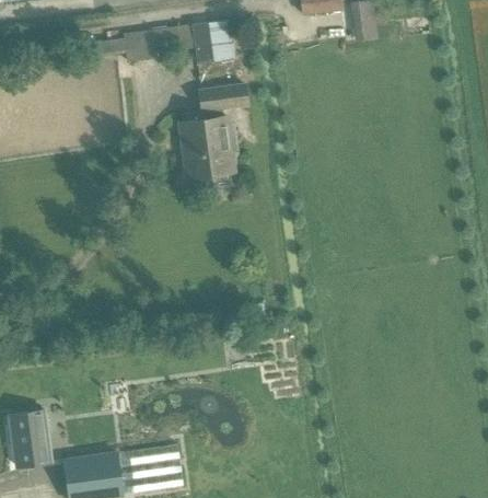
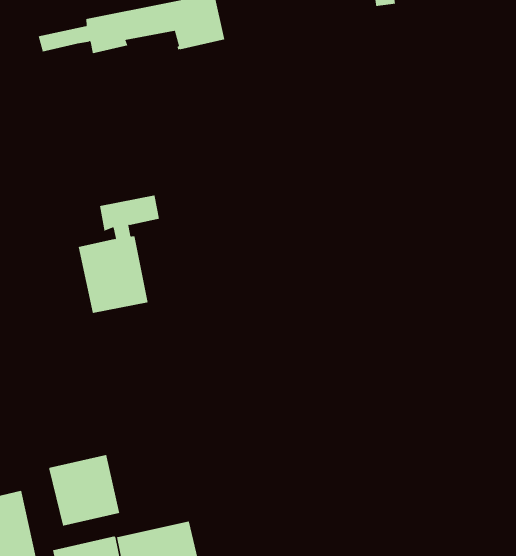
building: [178,84,246,176] -> [78,195,160,314]
building: none -> [49,454,120,526]

